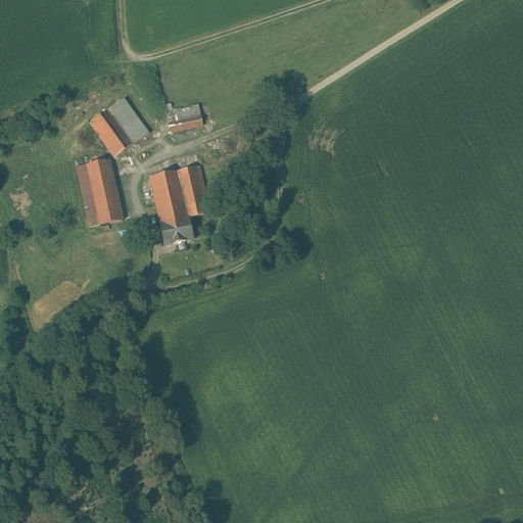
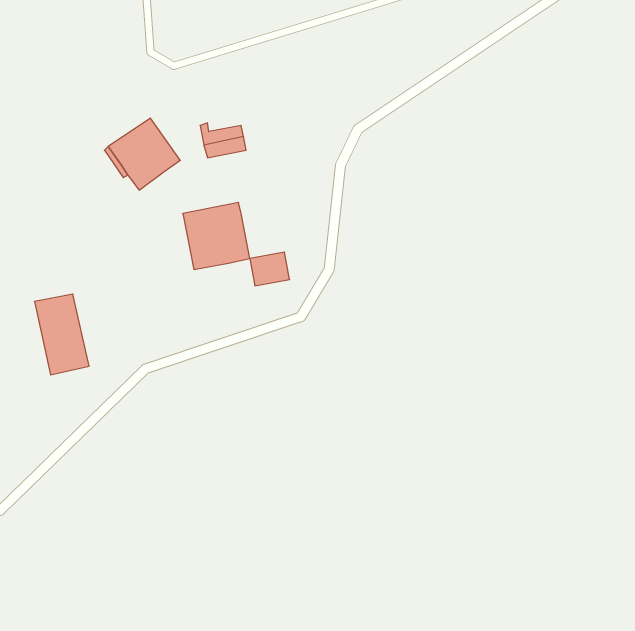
building: [77,158,122,225] -> [34,294,89,375]
building: [159,217,192,244] -> [250,252,290,286]

